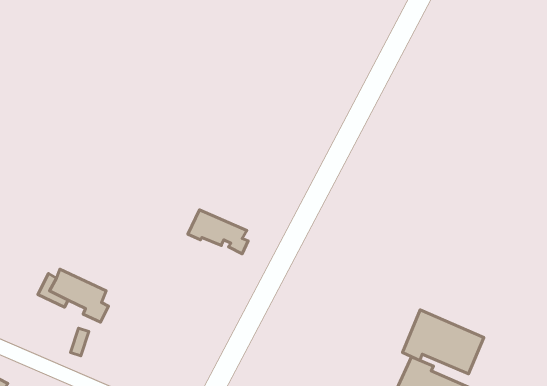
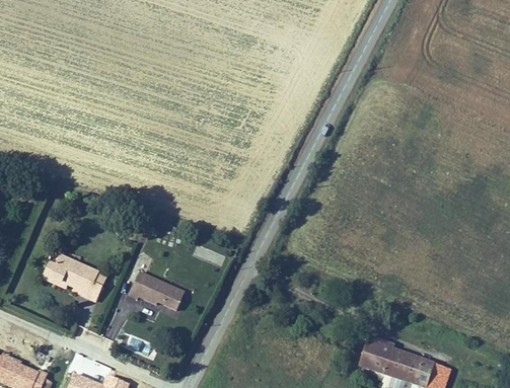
building: [188,210,248,254] -> [130,277,183,315]
building: [402,310,484,374] -> none

